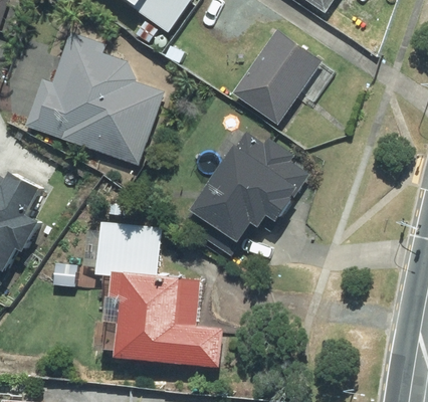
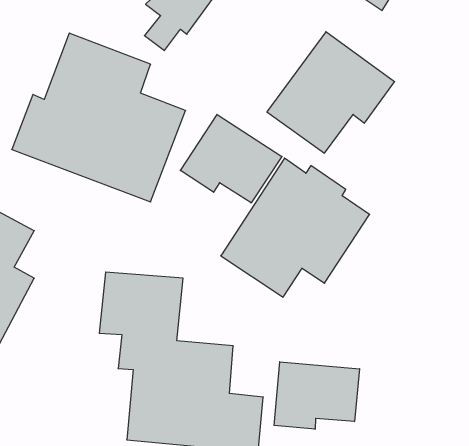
building: none -> [180,114,282,203]
building: none -> [274,362,360,429]

